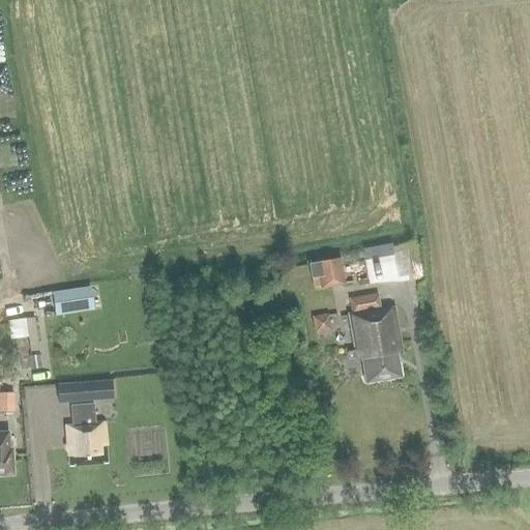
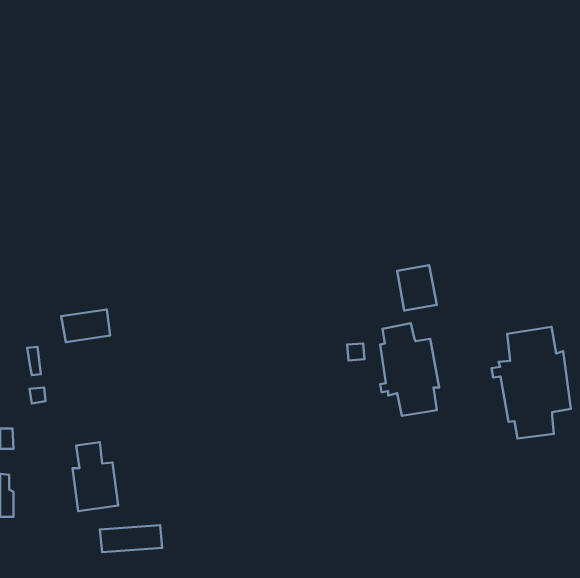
building: [308,257,346,288] -> none
building: none -> [492,327,571,439]
building: [56,379,113,404] -> [100,525,162,552]

